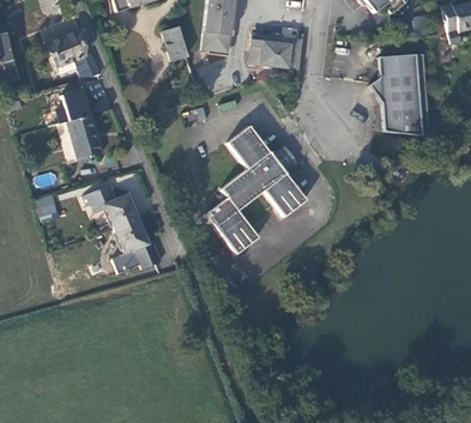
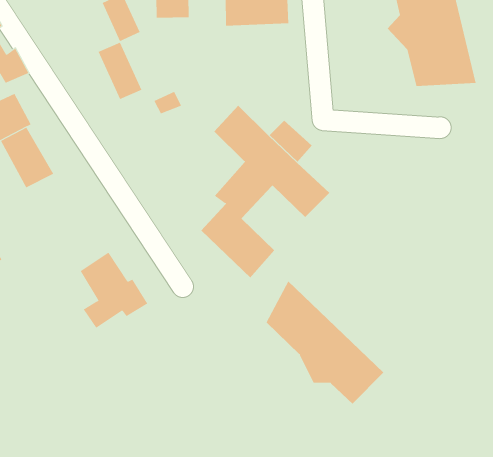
building: none -> [98,42,142,100]
building: [81,182,135,226] -> none
building: none -> [266,281,384,405]

